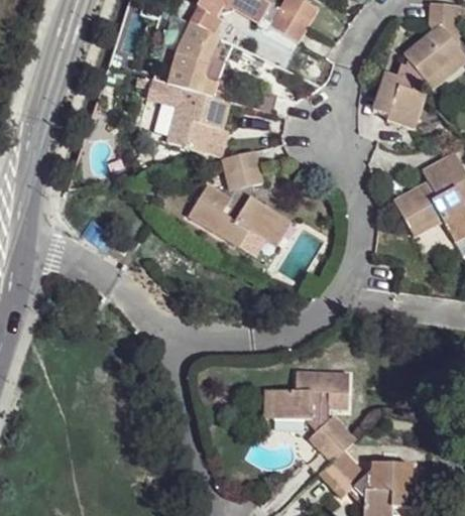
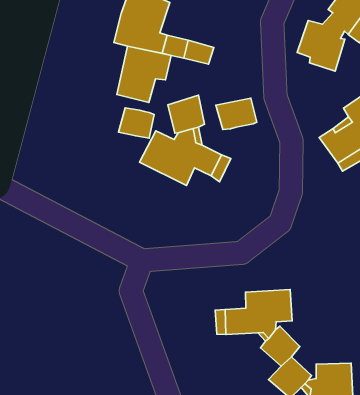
building: none -> [216,98,257,129]
building: none -> [118,108,154,138]

